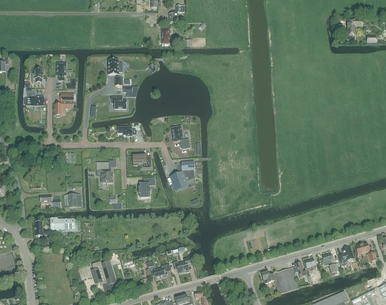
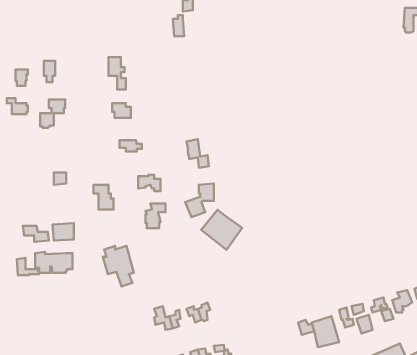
building: none -> [201,210,242,250]
building: [91,260,116,293] -> [103,246,134,287]

